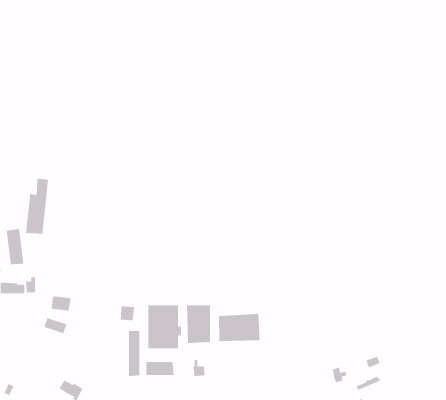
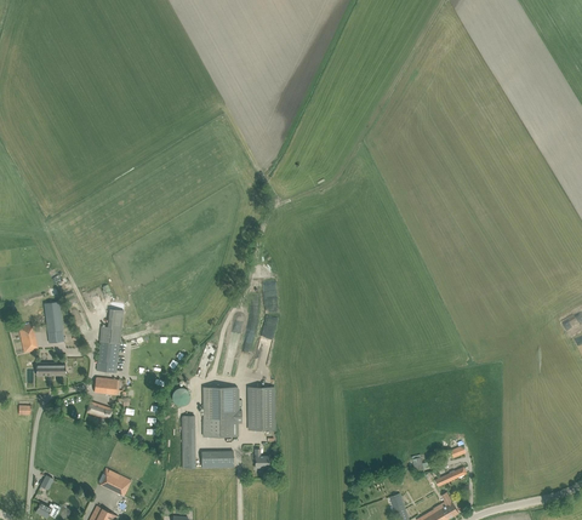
building: [25,178,49,234] -> [96,309,122,372]
building: [218,313,260,342] -> none

